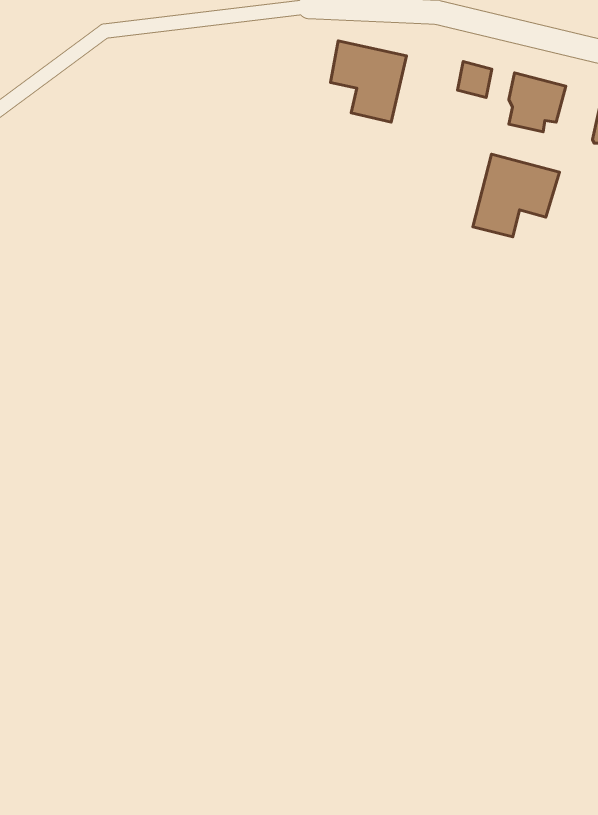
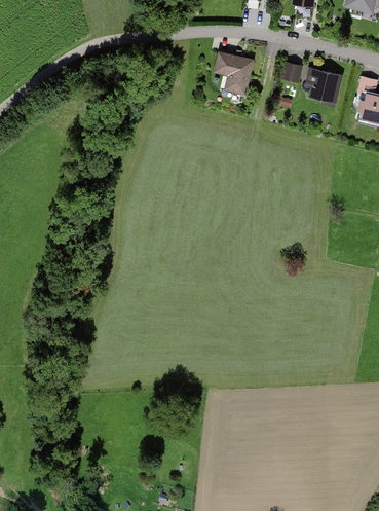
building: [473,154,560,237] -> none

